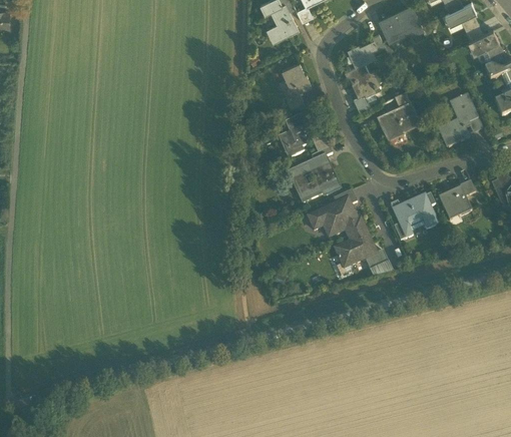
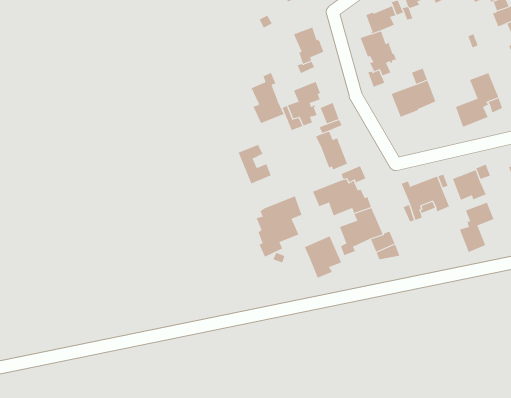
building: none -> [251,72,284,124]
building: [289,163,322,201] -> [238,144,272,184]
building: none -> [459,202,494,253]
building: none -> [256,196,302,257]
building: none -> [304,236,342,279]

